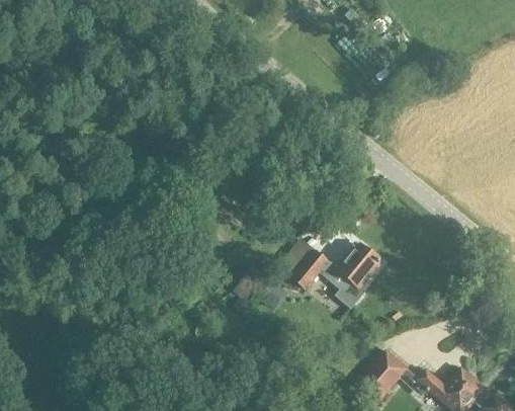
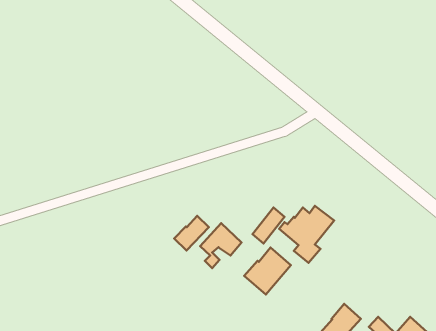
building: none -> [174,216,209,250]
building: none -> [244,248,291,295]

